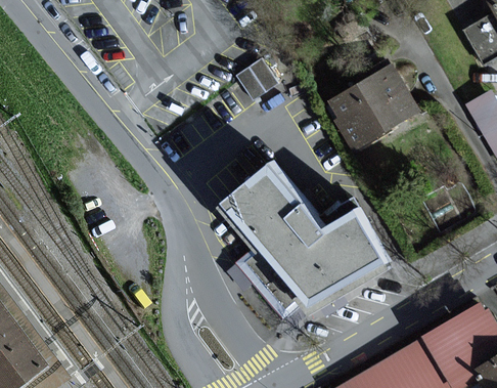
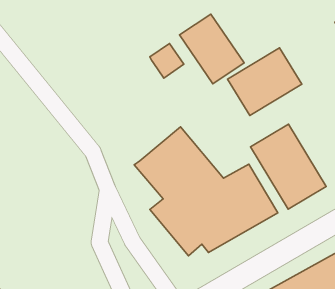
building: none -> [179,14,244,84]
building: none -> [250,124,326,209]

